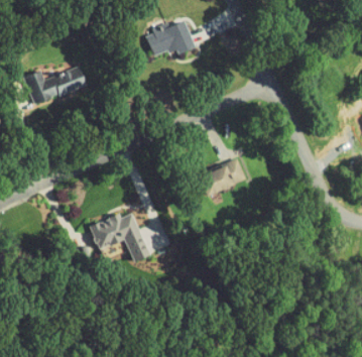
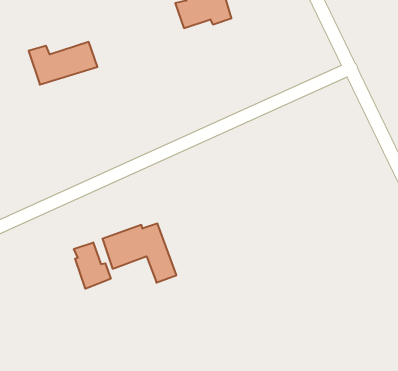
building: [193,159,243,196] -> none
building: none -> [74,242,111,289]

